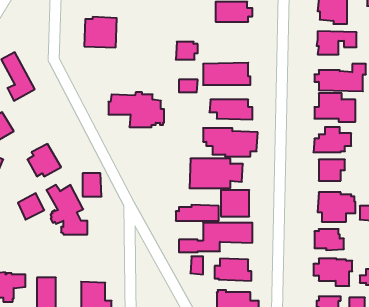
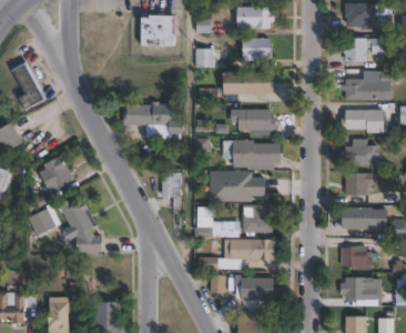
building: [84,17,117,47] -> [141,14,175,47]
building: none -> [242,39,272,58]
building: [83,173,102,196] -> [161,173,181,198]

